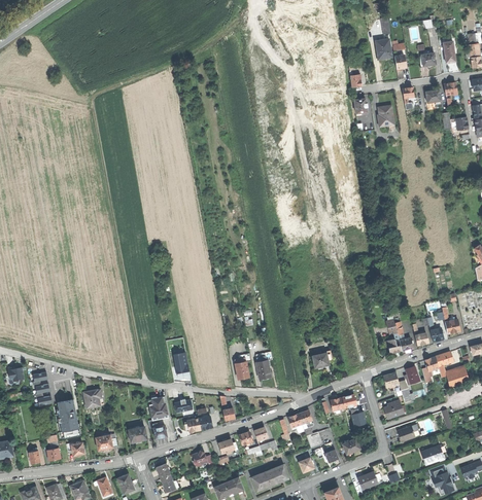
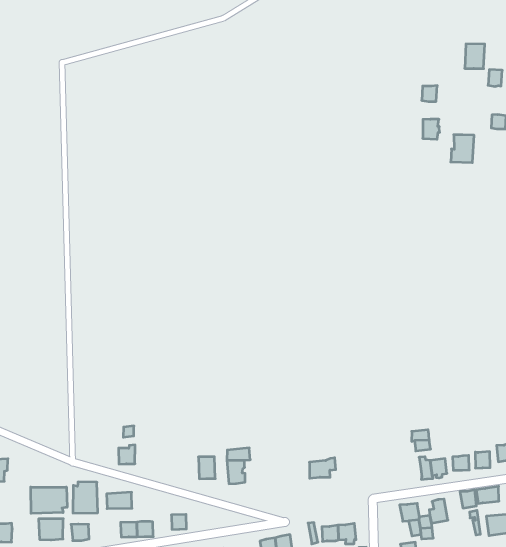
building: none -> [31,487,67,513]

